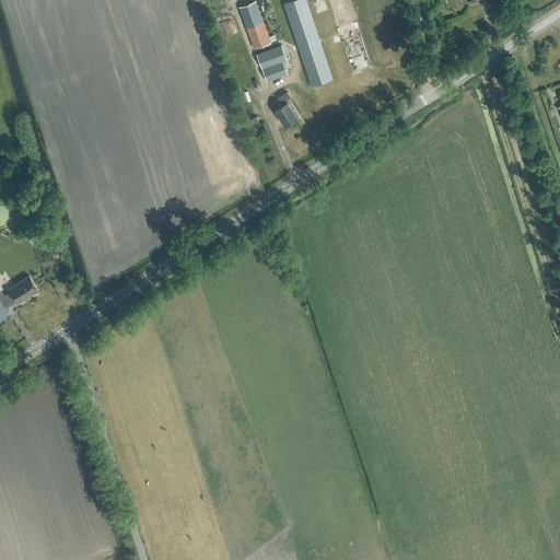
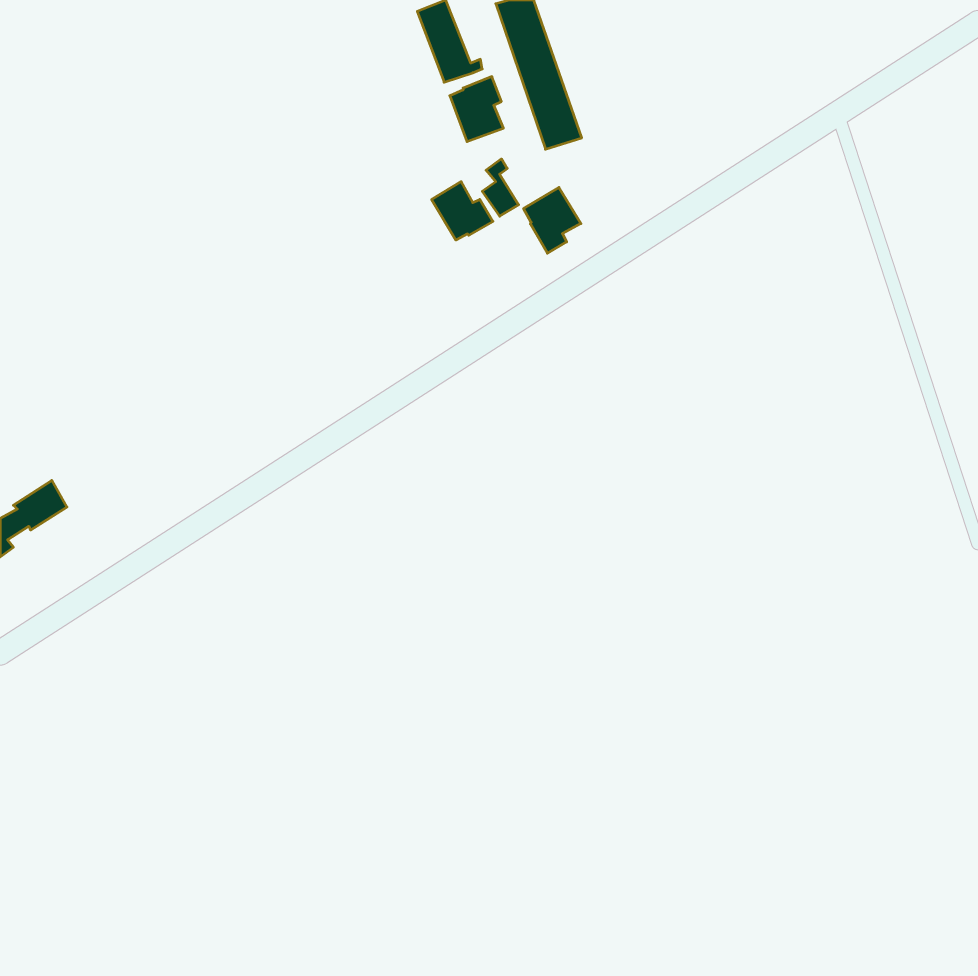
building: none -> [432,182,493,240]
building: none -> [524,187,581,253]

